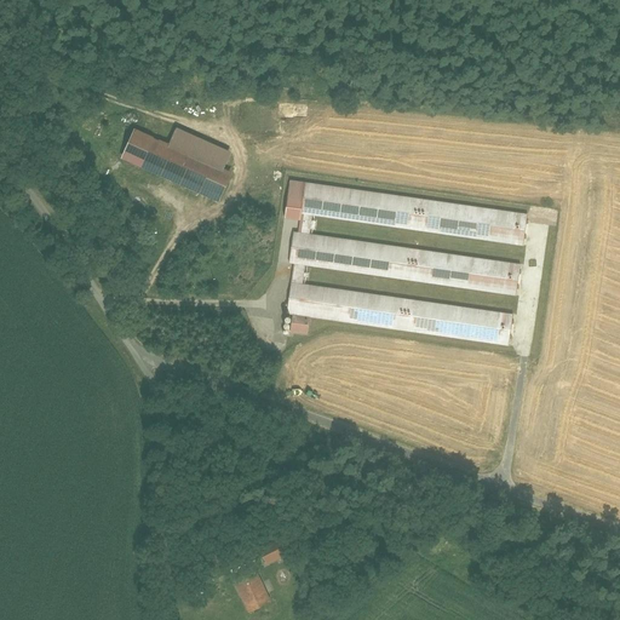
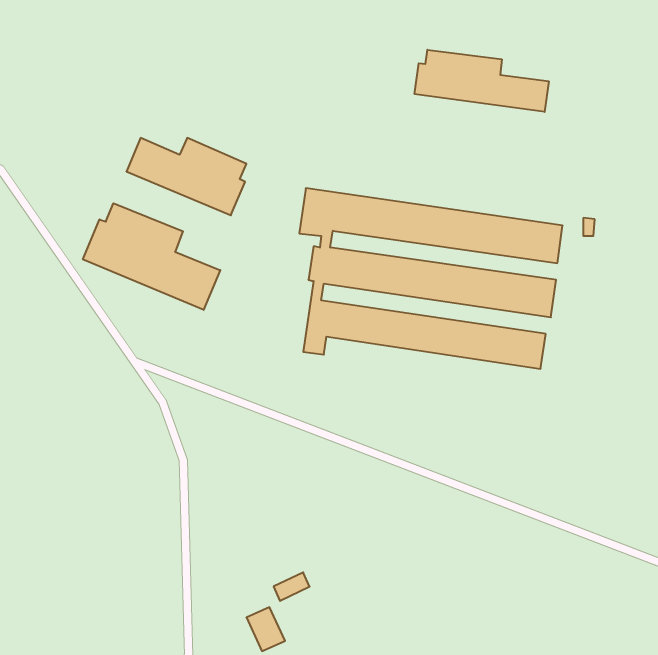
building: none -> [415,50,549,112]
building: none -> [83,203,220,310]

